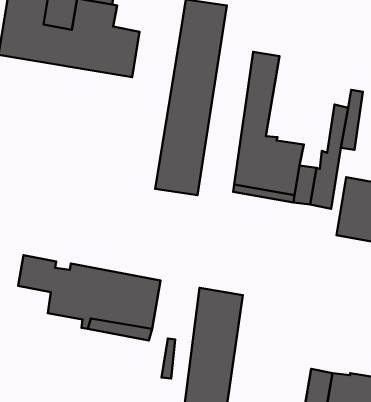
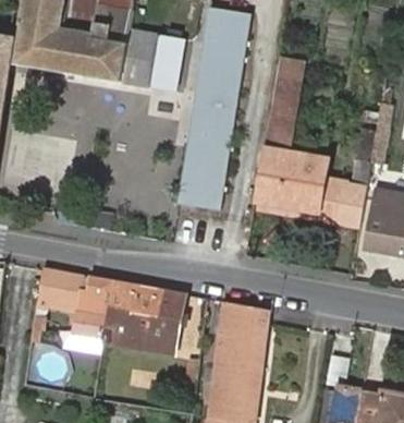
building: none -> [154,38,203,93]

